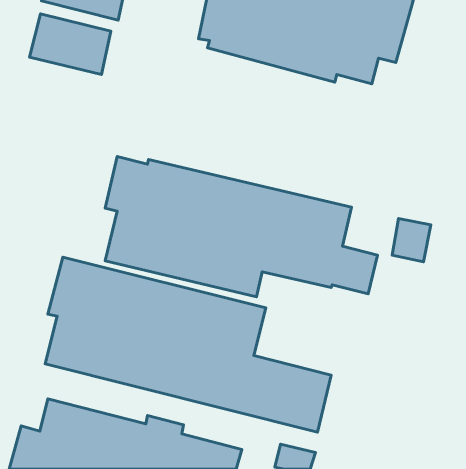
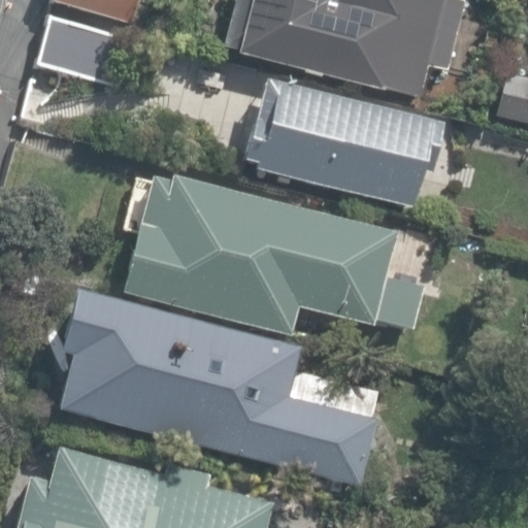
building: none -> [242,78,443,204]

